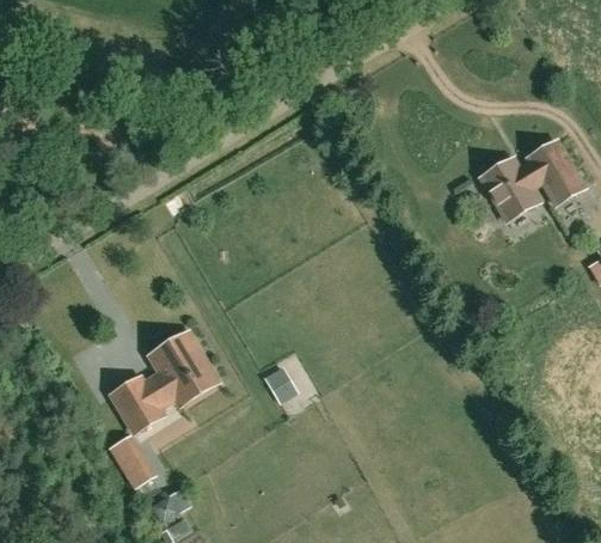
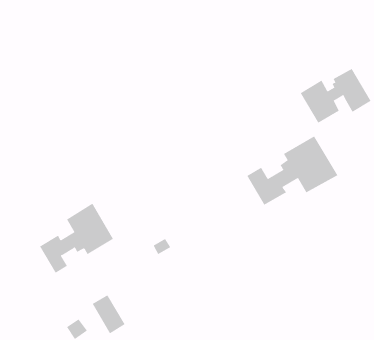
building: none -> [247,135,338,205]
building: [108,432,155,488] -> [92,295,126,334]

